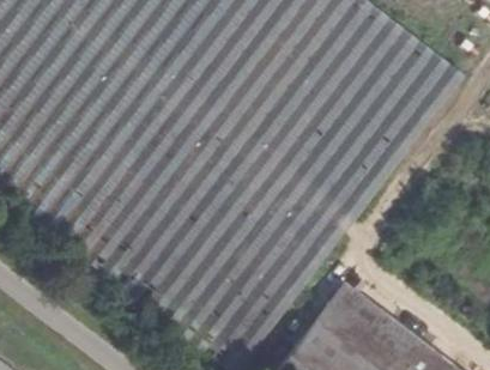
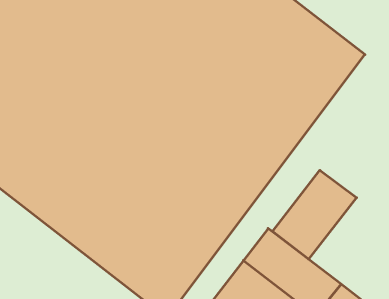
building: none -> [273,170,357,259]

